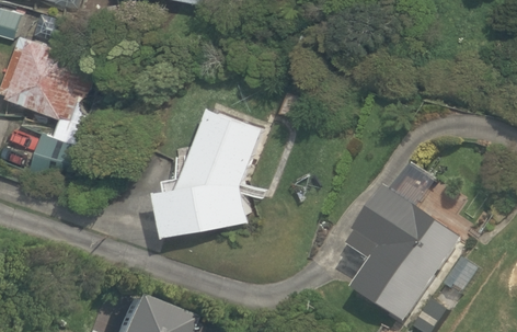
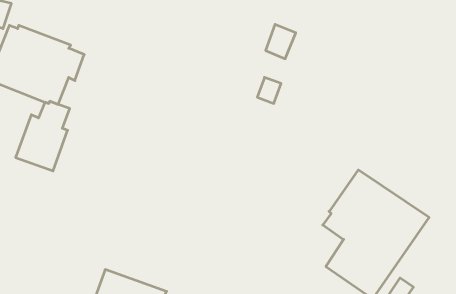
building: [156,104,264,233] -> none

